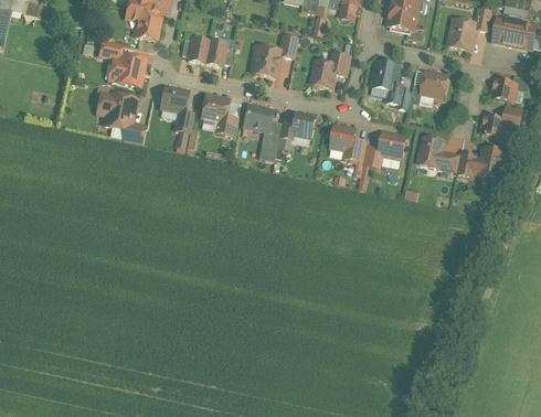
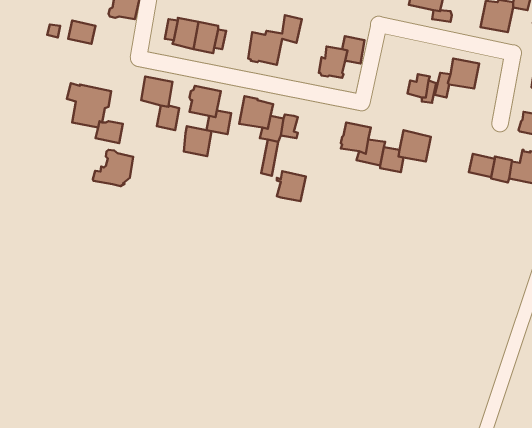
building: [117,54,146,86] -> none
building: [372,62,400,92] -> none
building: [290,113,315,138] -> [277,171,306,201]
building: none -> [184,126,211,156]
building: [418,138,444,168] -> none
building: none -> [93,150,133,186]

